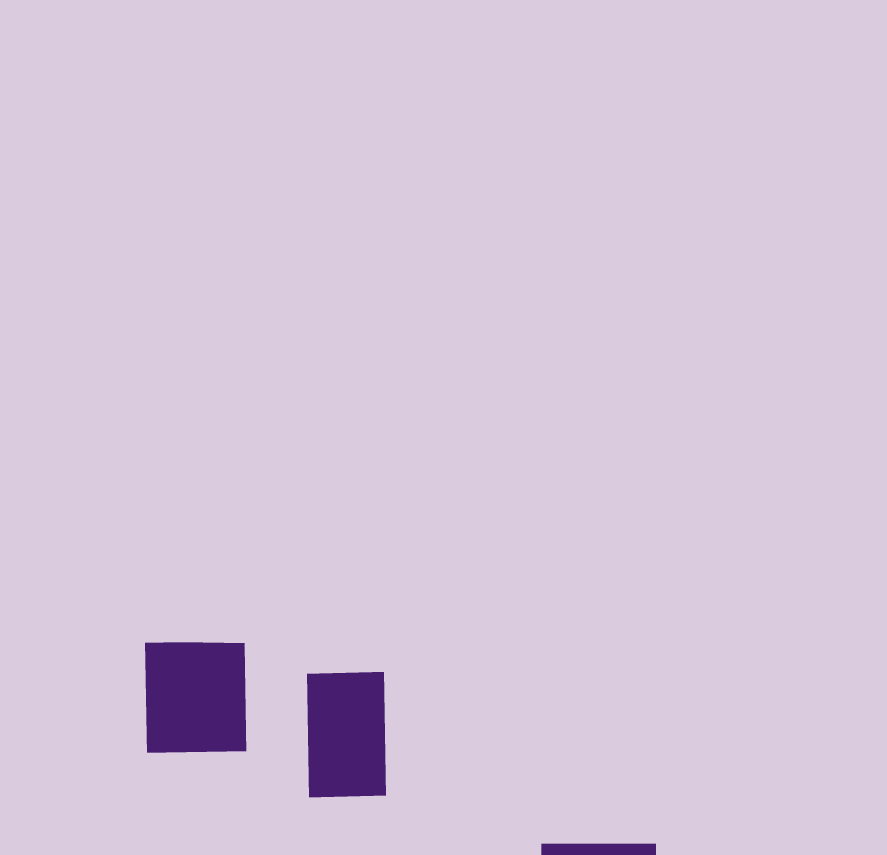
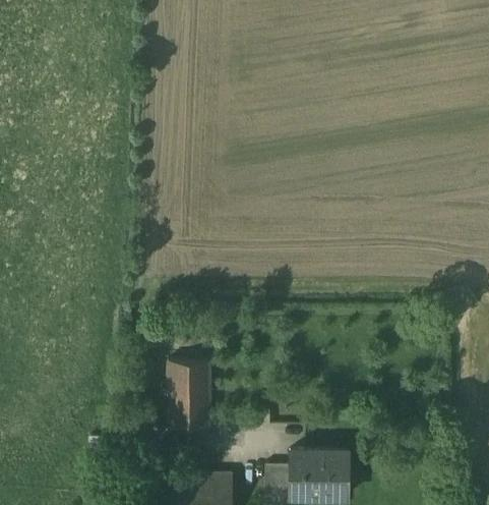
building: [145,641,247,754] -> none

